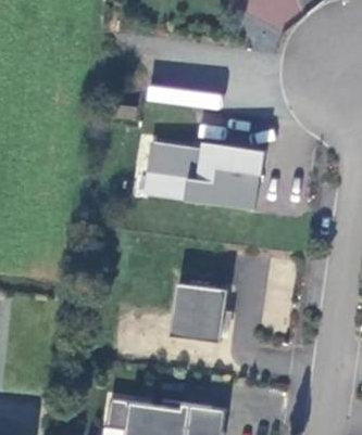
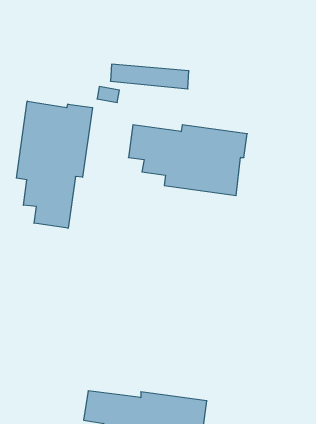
building: none -> [16,101,93,228]
building: [172,284,229,344] -> none

